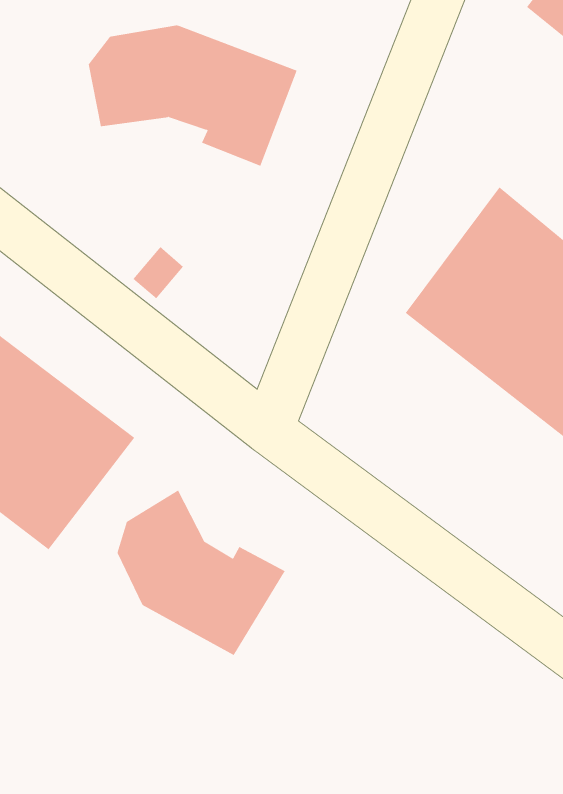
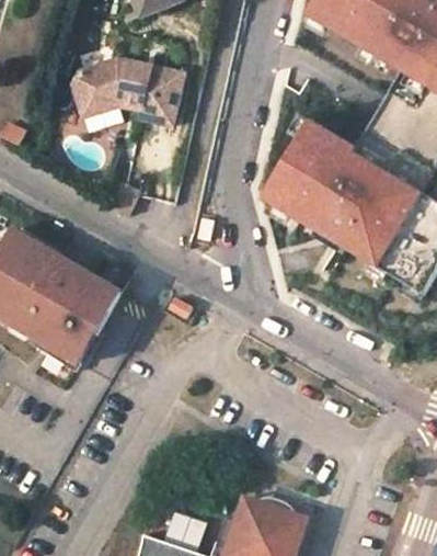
building: [117,490,286,656] -> none

